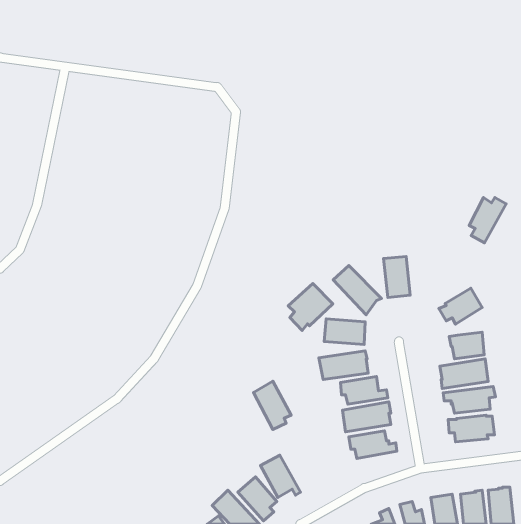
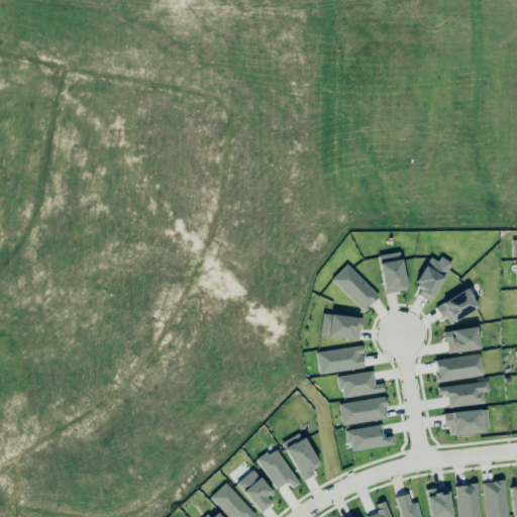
building: [469,198,506,243] -> [417,256,453,301]
building: [288,283,333,330] -> none
building: [253,381,291,429] -> [284,432,321,480]

